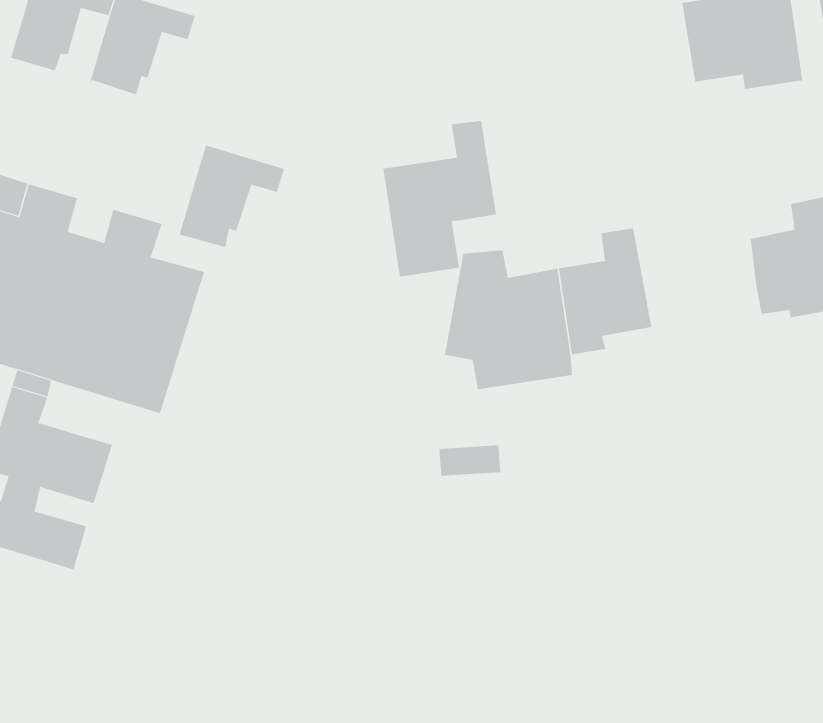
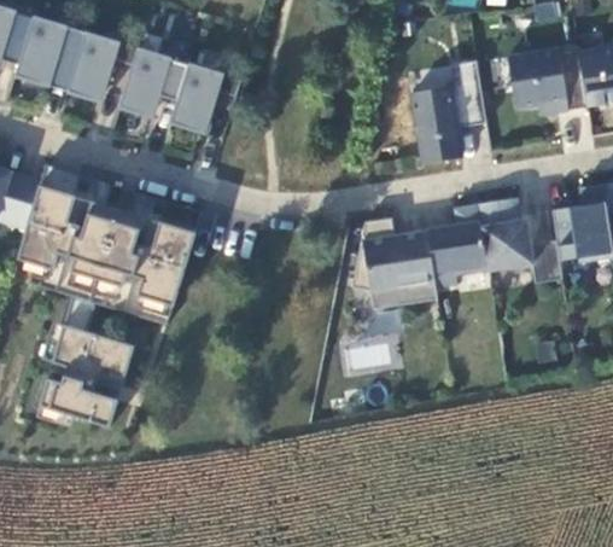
building: [383,121,497,277] -> [411,60,486,163]
building: [178,145,285,248] -> [171,64,241,132]
building: none -> [477,198,564,283]

